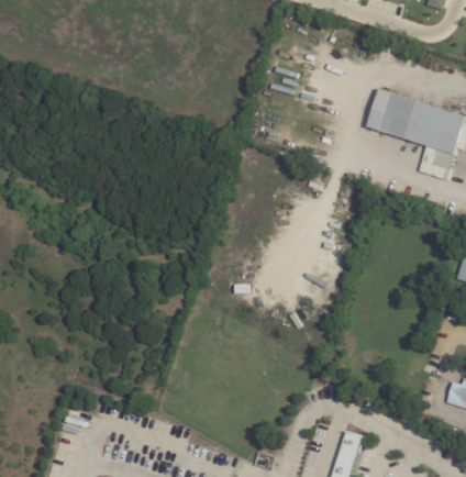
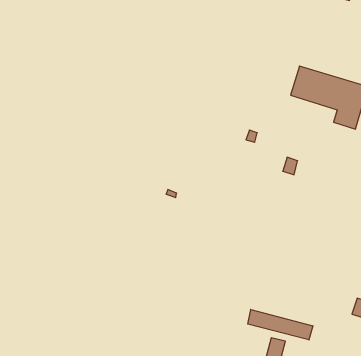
building: none -> [248,309,313,340]

